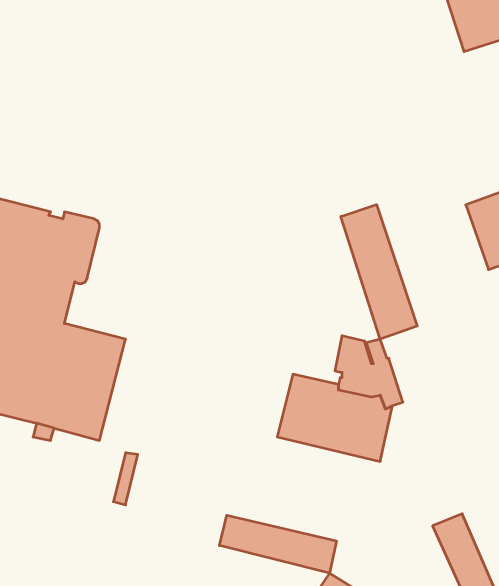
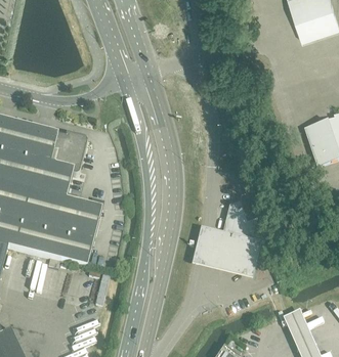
building: [341,205,417,339] -> none
building: [219,515,336,573] -> none

